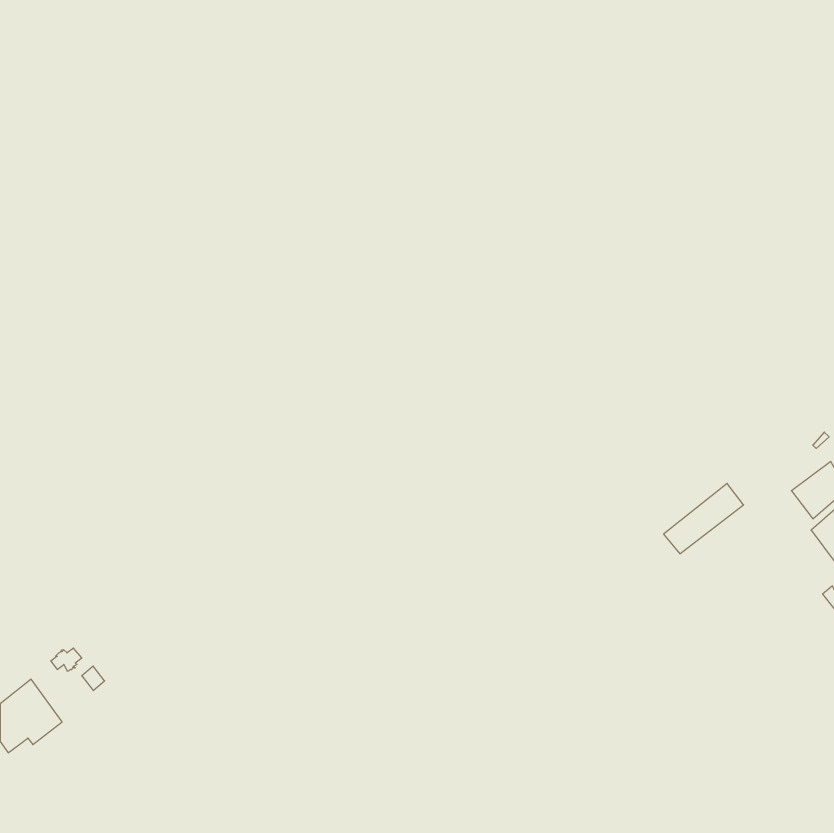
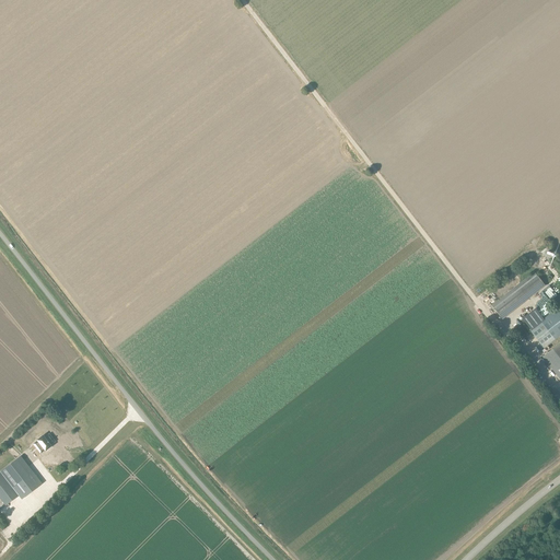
building: [664,483,744,554] -> [492,270,546,317]

